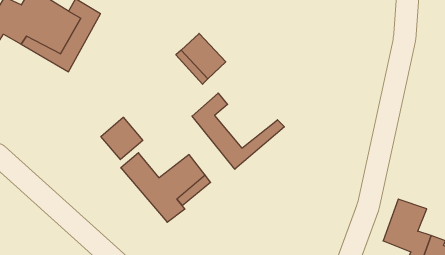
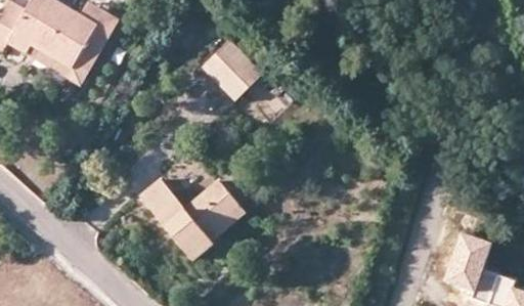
building: [192,93,284,169] -> none
building: [101,117,143,160] -> none

